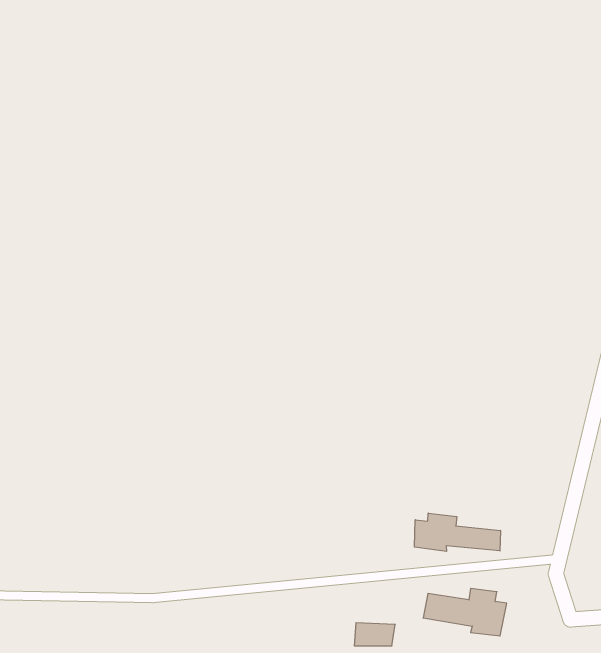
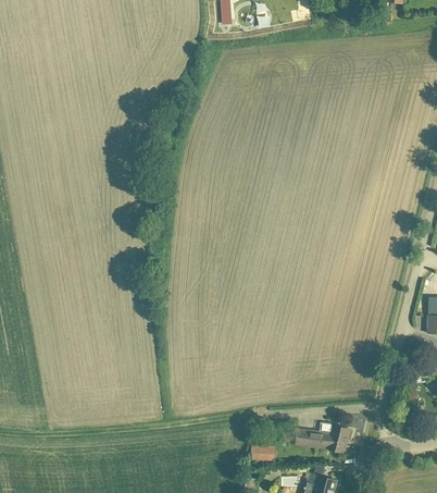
building: [415,513,500,551] -> none

